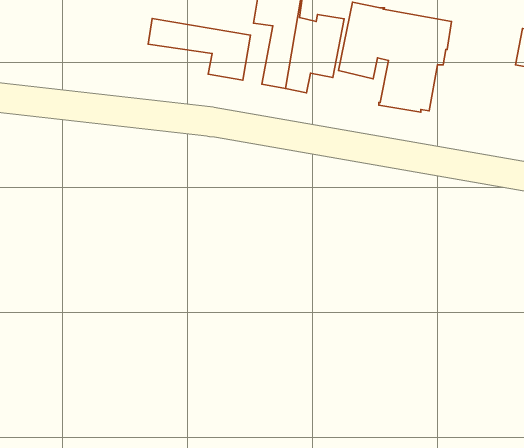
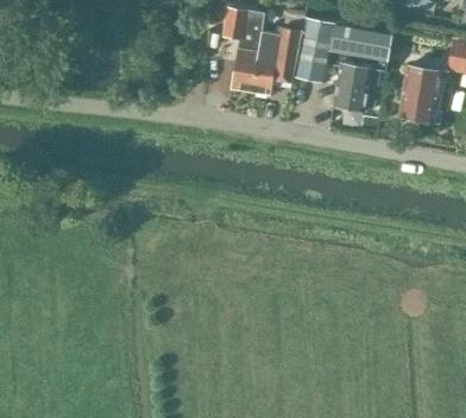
building: [148,18,251,80] -> none
building: none -> [398,64,441,121]

